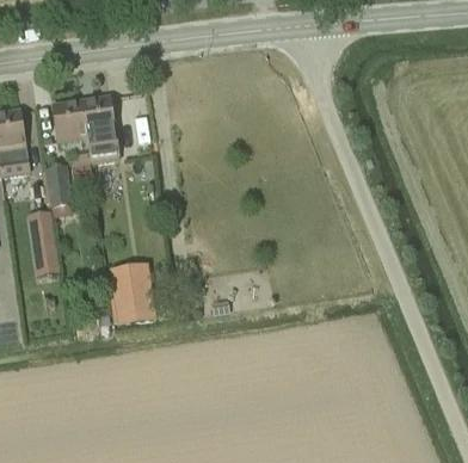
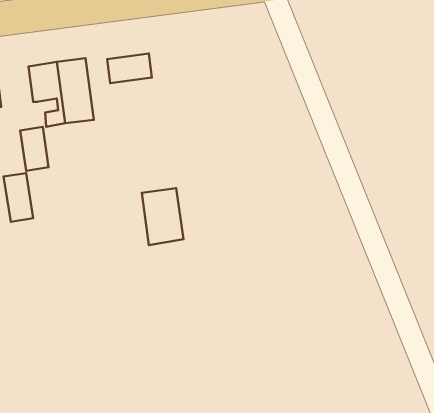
building: none -> [107,53,152,83]
building: [112,265,154,322] -> [142,188,183,245]

